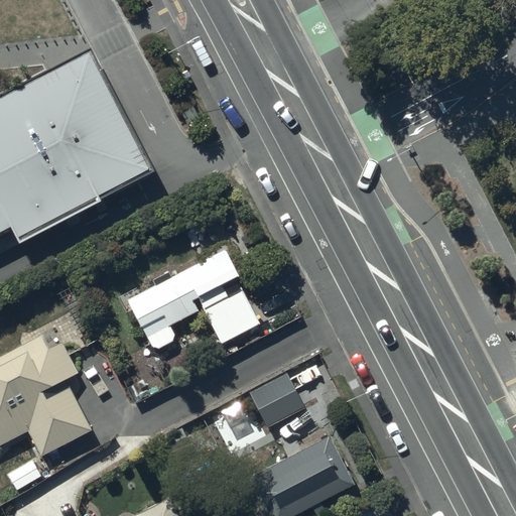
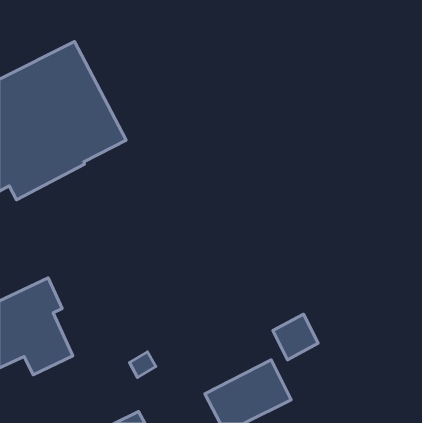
building: [127,249,257,345] -> none
building: [248,375,303,430] -> [273,314,318,360]

